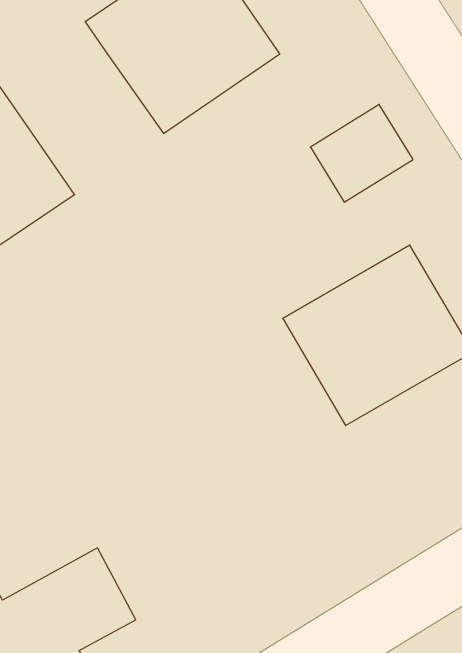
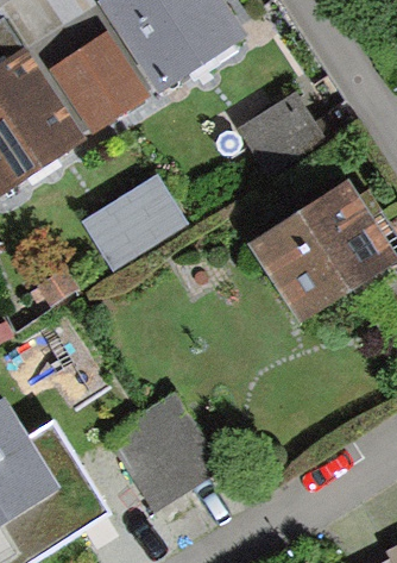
building: none -> [17,46,131,158]
building: none -> [87,167,191,263]
building: none -> [112,390,227,507]

